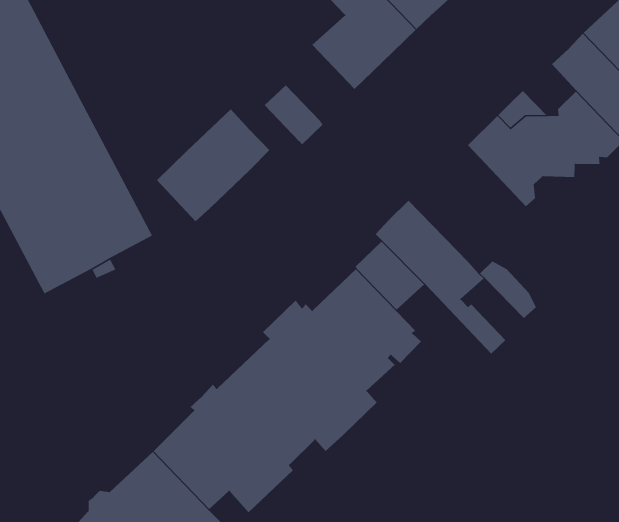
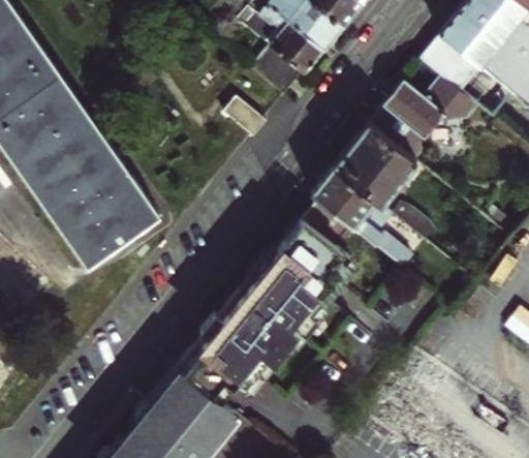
building: [156,109,270,222] -> none
building: none -> [333,124,415,206]

